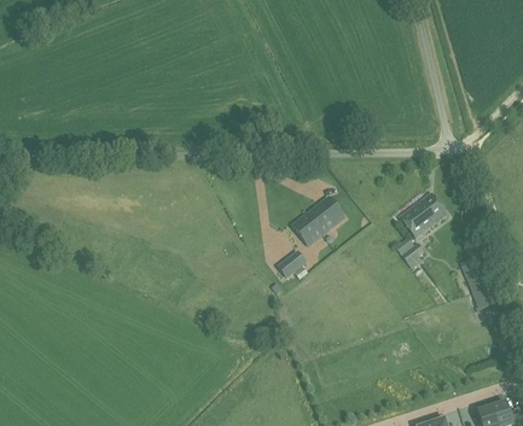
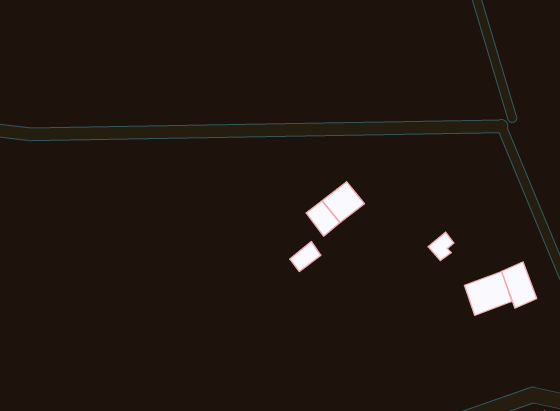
building: [400,191,447,237] -> none
building: none -> [464,272,512,315]

